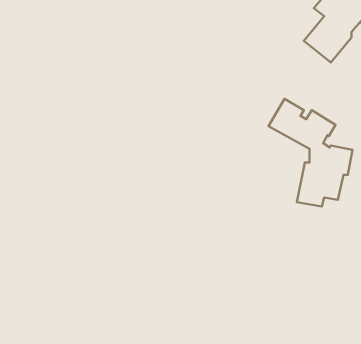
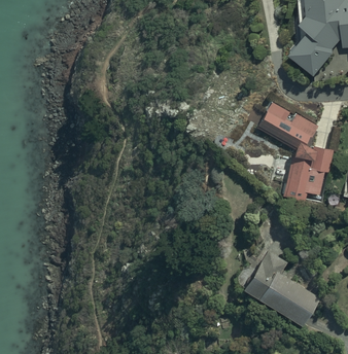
building: none -> [241,248,317,324]

